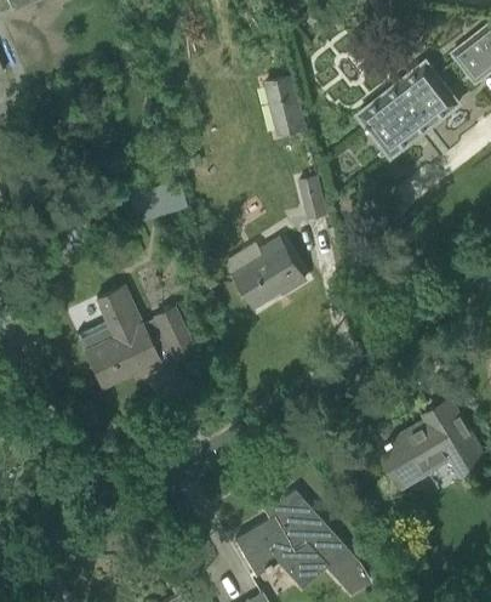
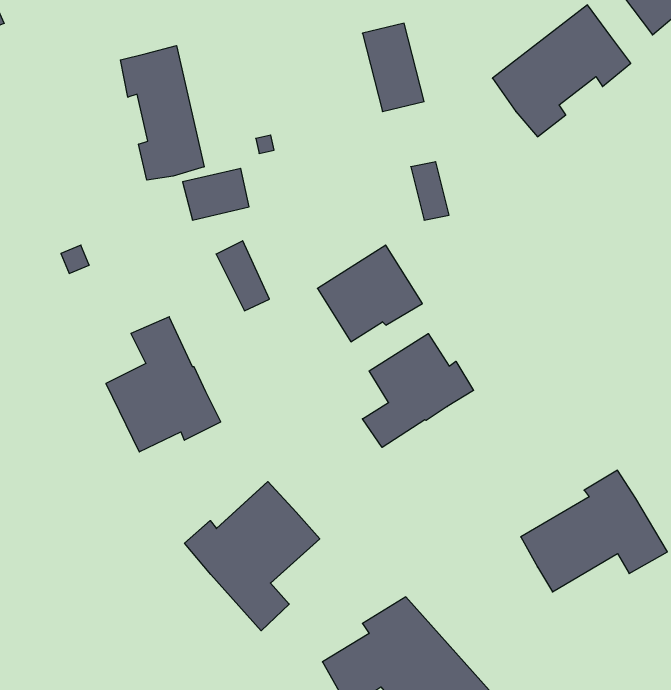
building: none -> [120,46,204,180]
building: none -> [362,334,474,447]
building: [154,307,193,358] -> [216,241,269,311]
building: none -> [185,482,320,631]

